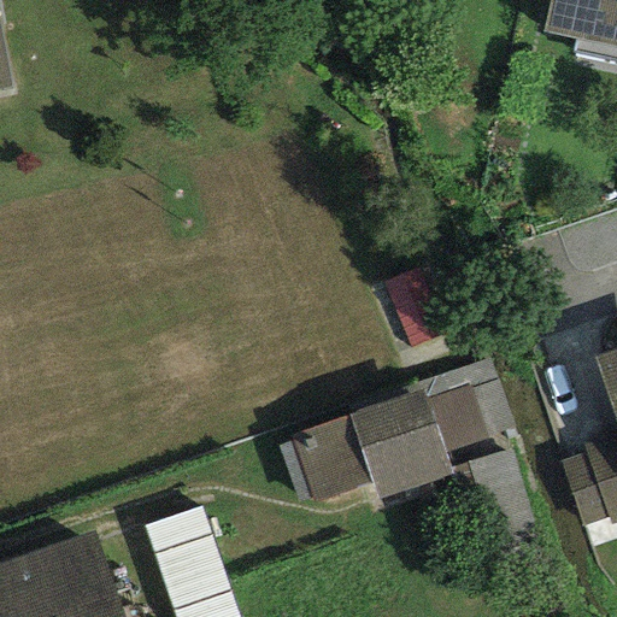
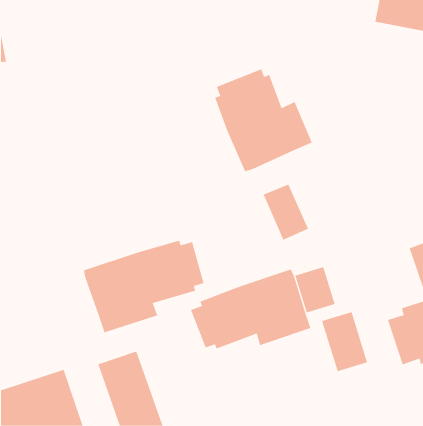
building: none -> [215,69,313,172]
building: none -> [83,240,204,333]

